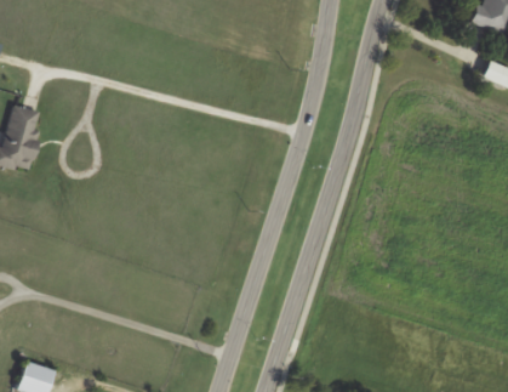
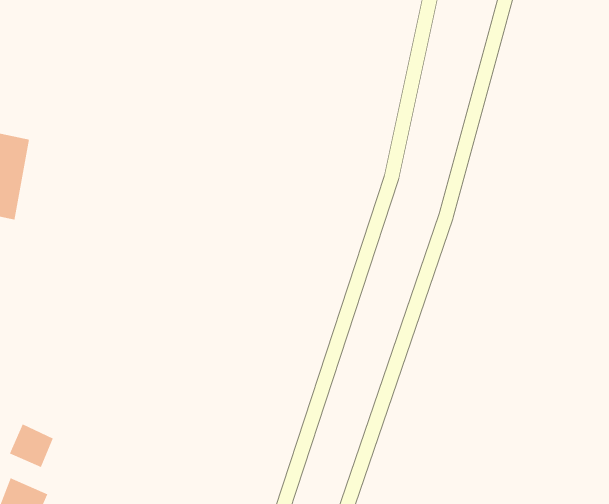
building: none -> [9,423,53,468]

